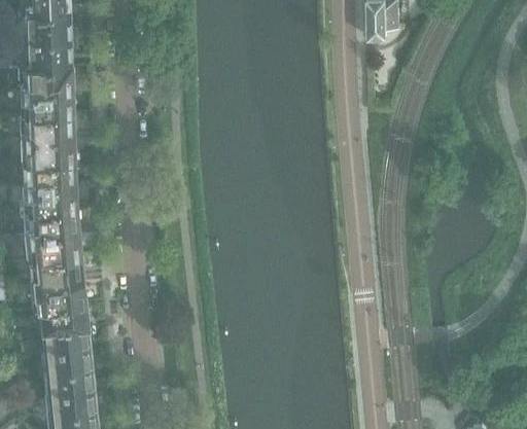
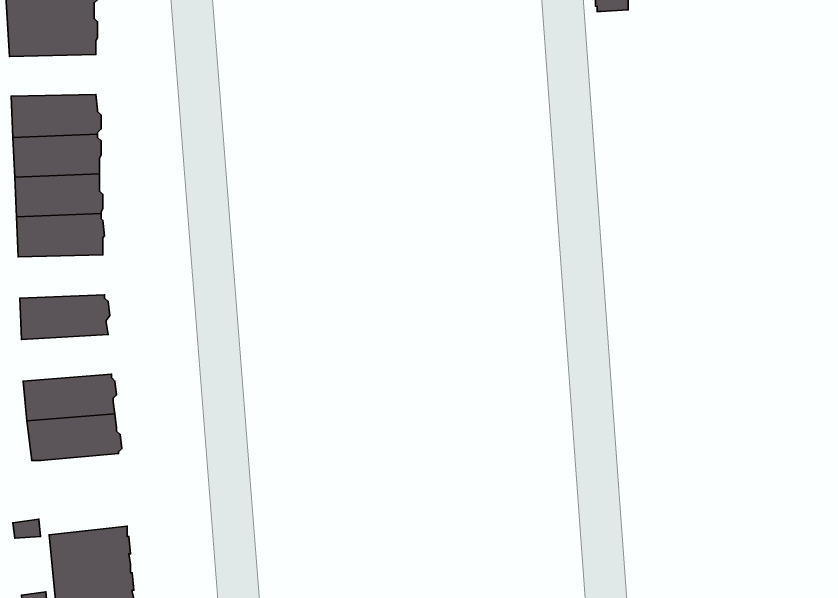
building: [21,66,74,91] -> none
building: [26,185,78,211] -> none
building: [28,233,82,260] -> none
building: [39,303,91,352] -> none

